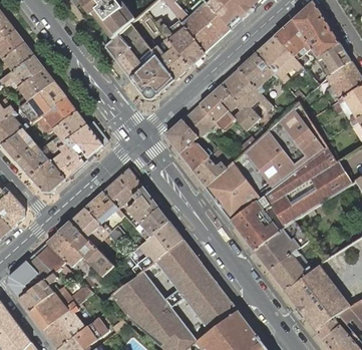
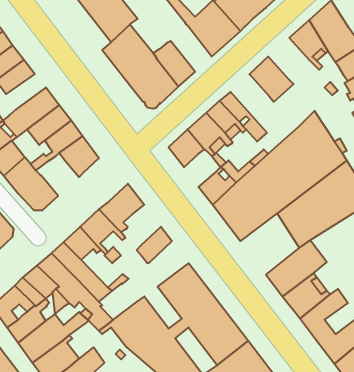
building: [154,19,205,67] -> none
building: [256,36,306,83] -> none
building: [18,69,54,101] -> none
building: [222,69,273,122] -> none
building: [45,140,84,180] -> none
building: [179,141,210,171] -> none
building: [127,188,158,225] -> none
building: [231,196,284,251] -> none
building: [131,221,184,276] -> none

